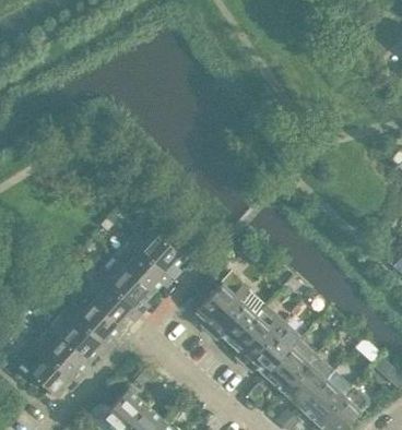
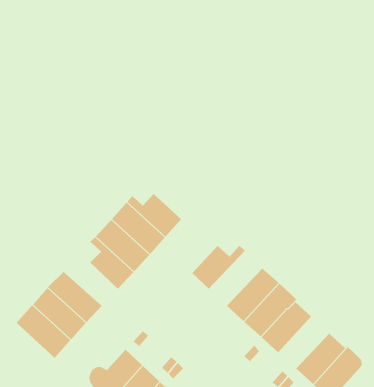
building: [212,289,265,345] -> none
building: [66,301,120,345] -> none
building: [282,356,333,408] -> none

